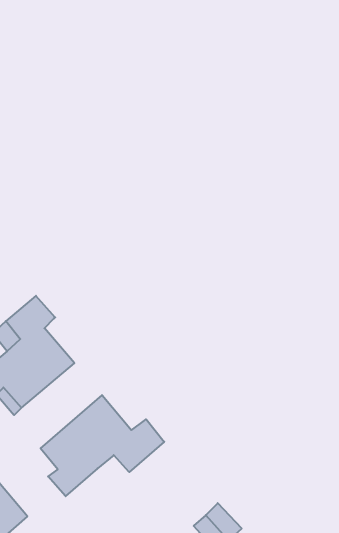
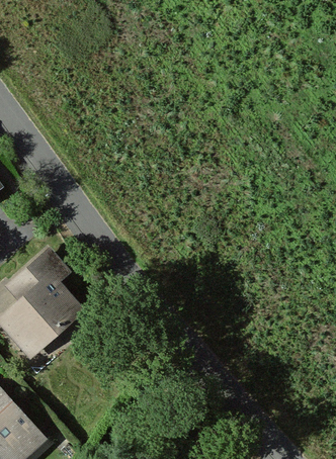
building: [41,395,164,496] -> none

